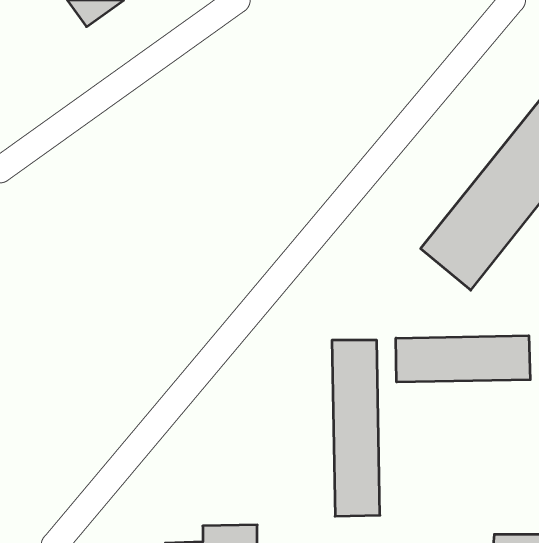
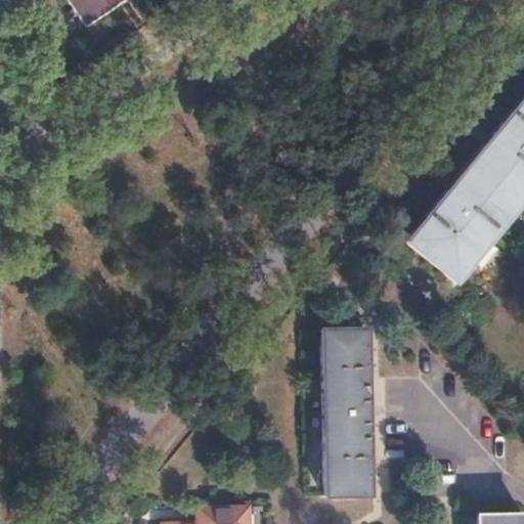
building: [396,336,530,382] -> none

